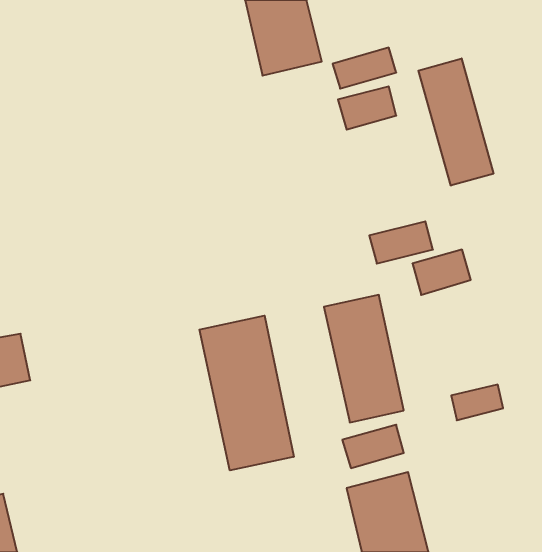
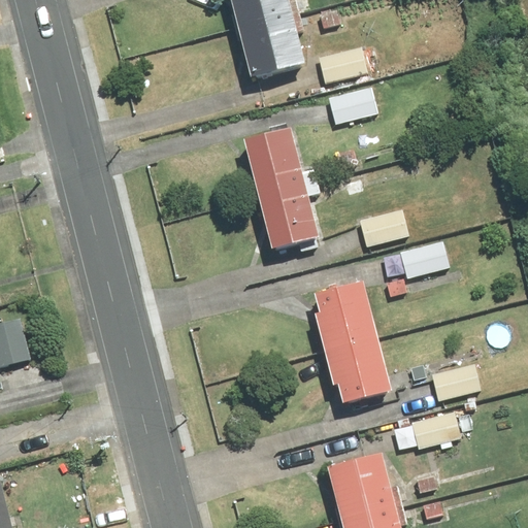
building: [418,58,493,186] -> none
building: none -> [243,131,308,245]
building: [199,316,294,470] -> none
building: [342,425,404,468] -> [405,408,464,450]

